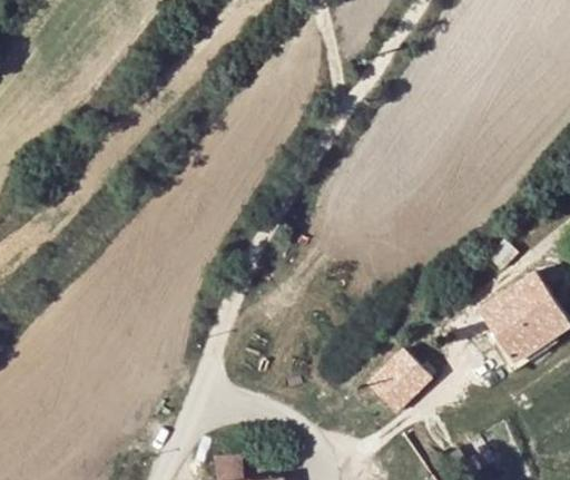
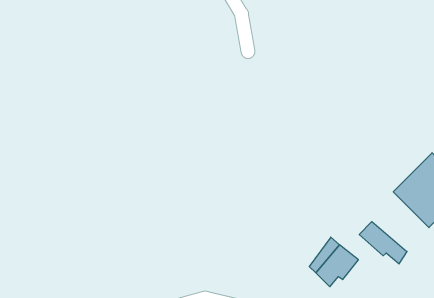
building: none -> [359,222,407,264]

